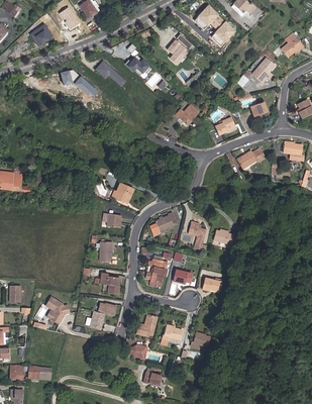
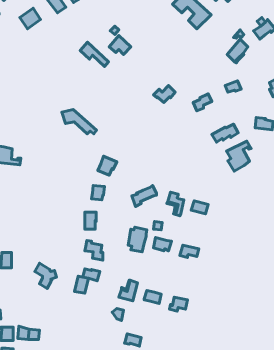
building: [165,35,191,66] -> none
building: [60,69,97,95] -> [62,109,97,134]
building: none -> [227,141,251,171]

